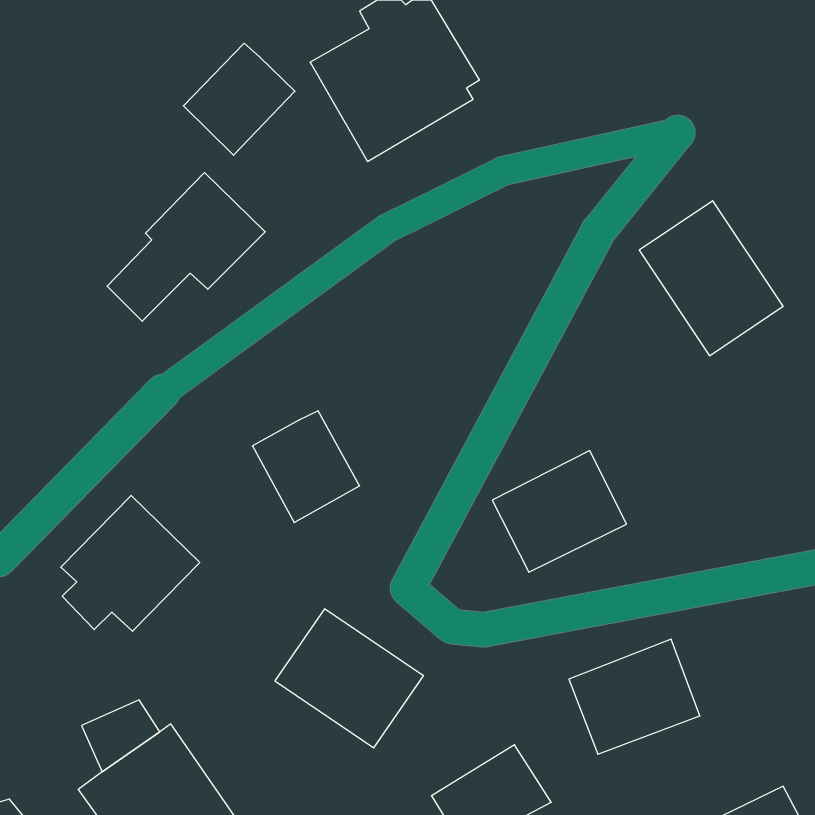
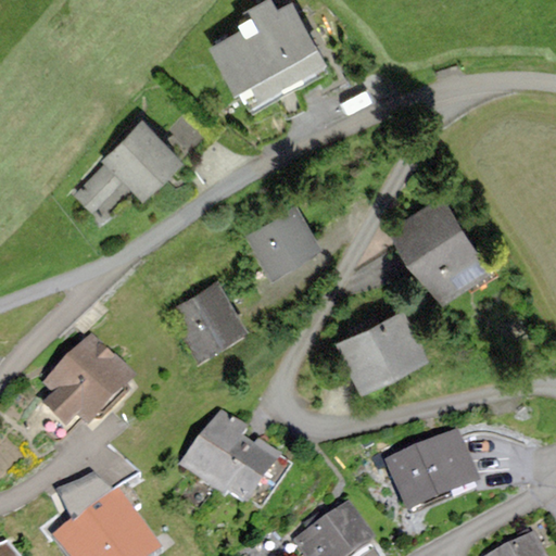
building: [183,43,295,155] -> none
building: [639,201,783,356] -> [392,197,490,302]
building: none -> [248,205,319,274]

